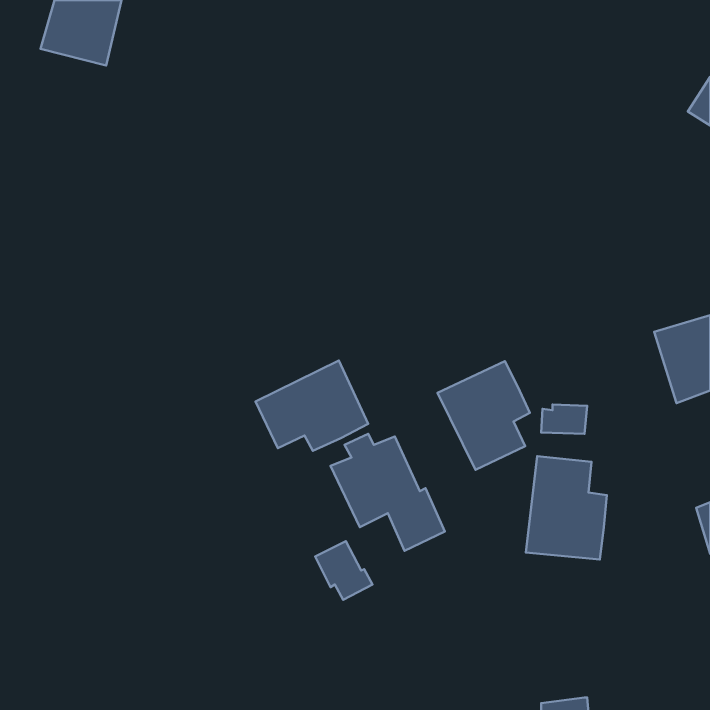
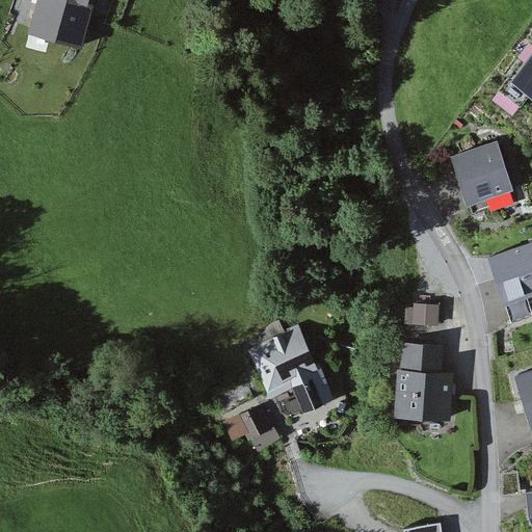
building: none -> [456,147,517,212]
building: [256,361,368,451] -> none
building: [437,361,530,470] -> none

